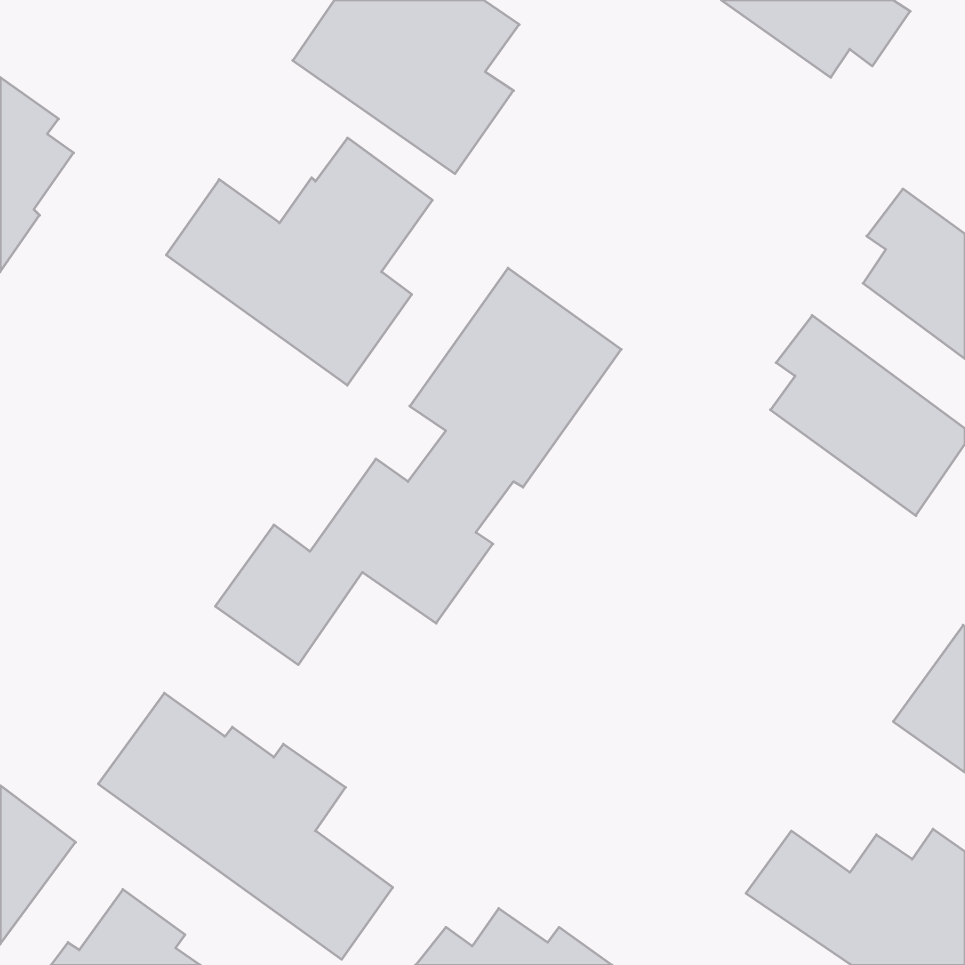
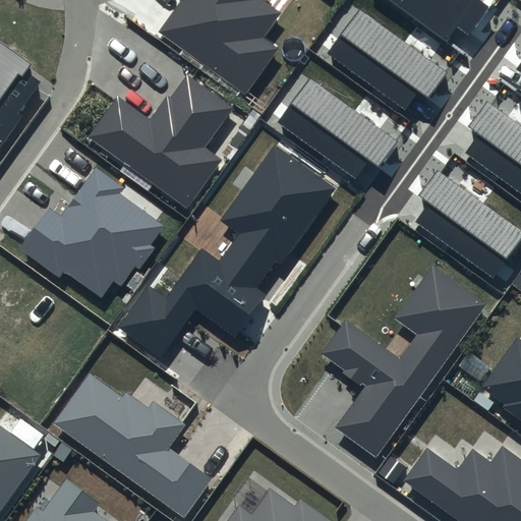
building: none -> [327,8,448,110]
building: none -> [277,78,397,179]
building: none -> [21,167,166,296]
building: none -> [322,266,486,458]

